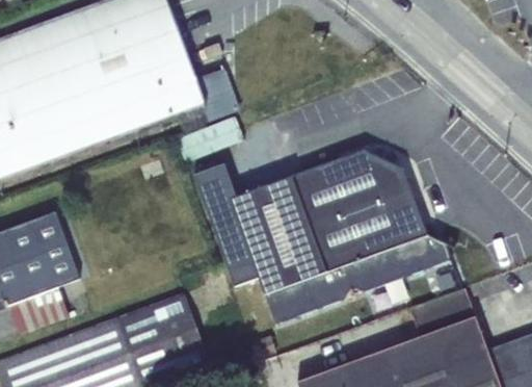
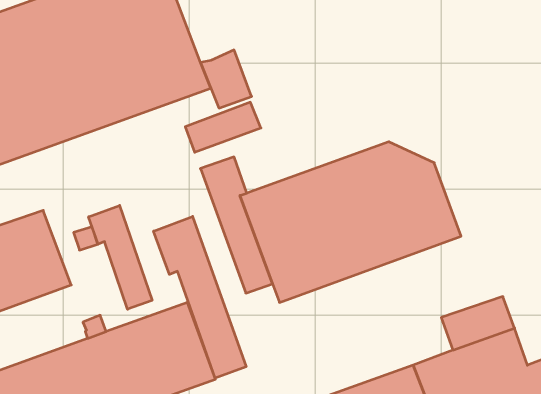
building: none -> [89,205,152,309]
building: none -> [154,216,246,378]
building: [265,235,451,324] -> none

